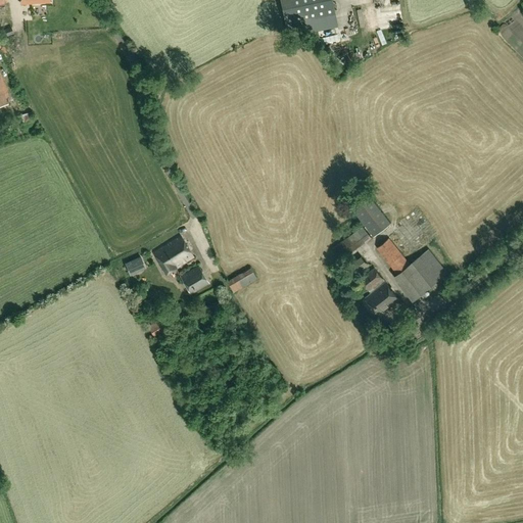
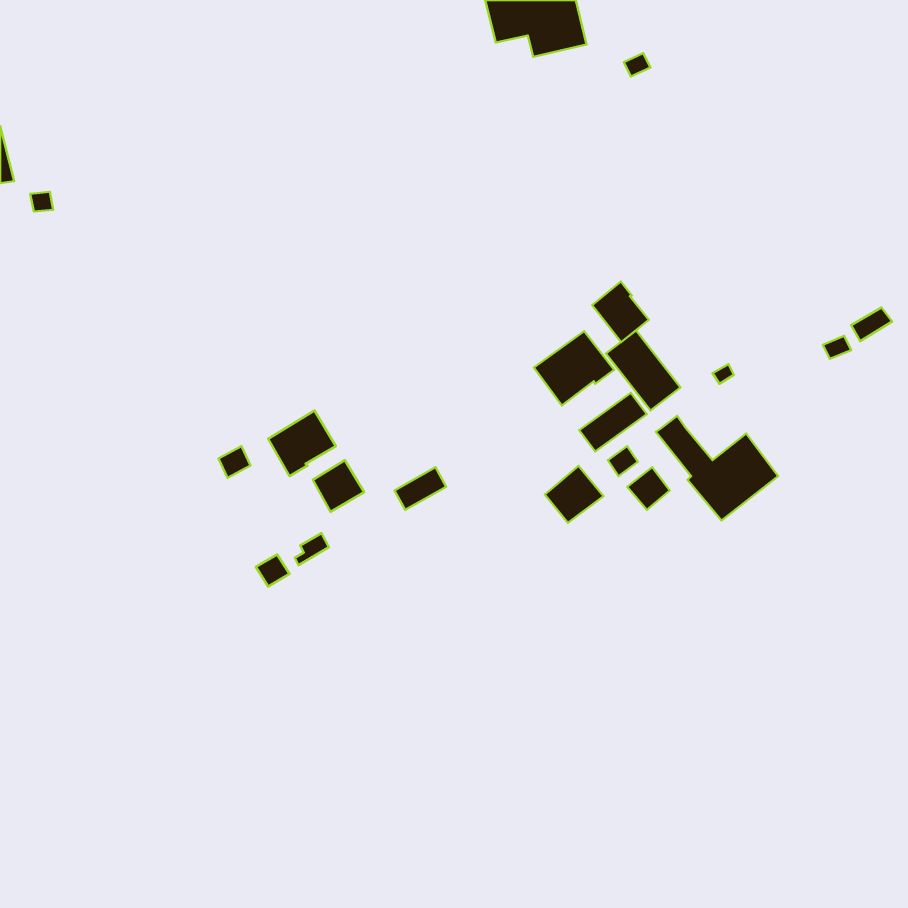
building: none -> [592,281,649,342]
building: none -> [534,331,614,405]
building: [366,282,399,315] -> [545,466,603,523]

